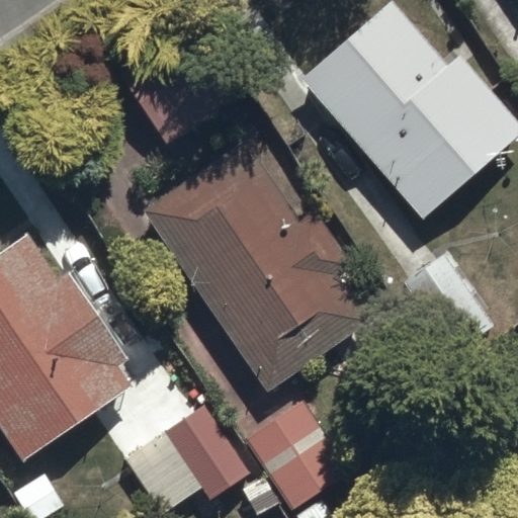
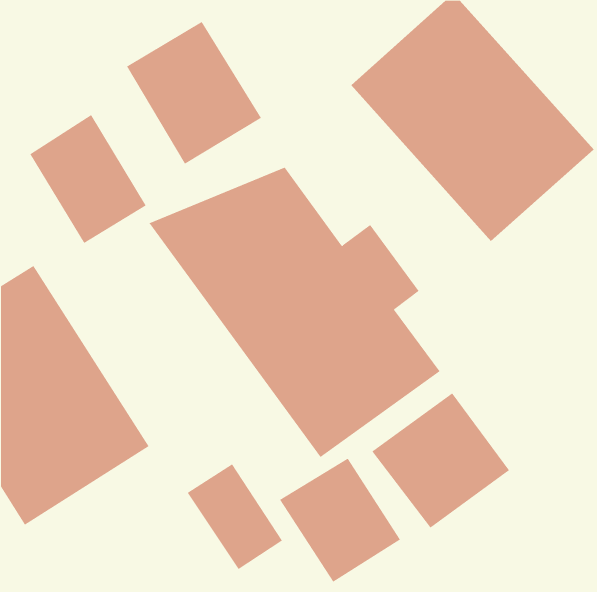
building: none -> [30,114,146,244]
building: none -> [371,392,510,529]

